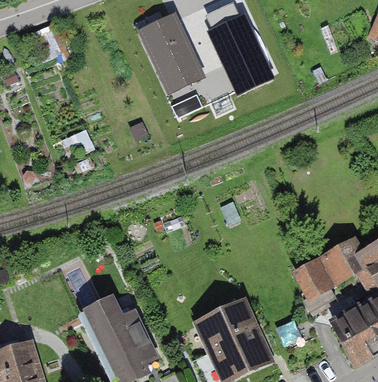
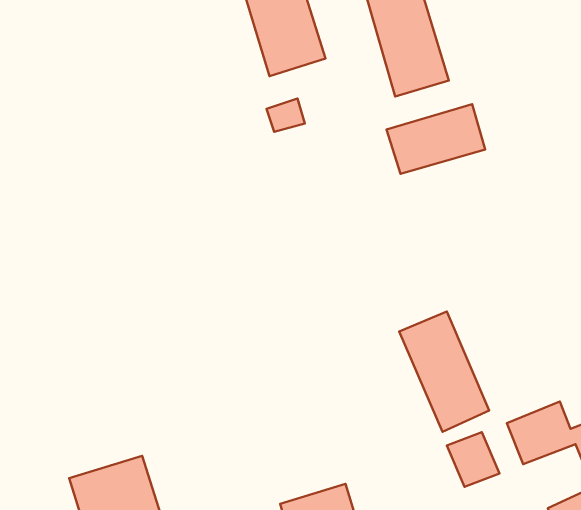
building: none -> [386,104,485,174]
building: none -> [399,311,489,432]

